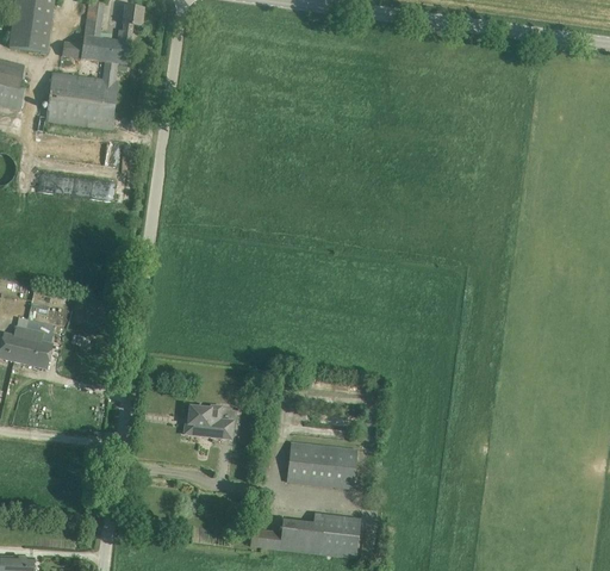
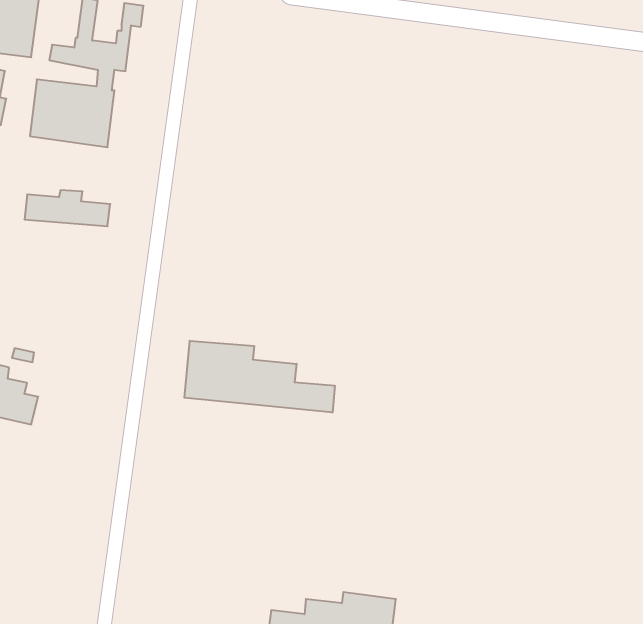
building: none -> [184,341,335,413]
building: [183,404,232,437] -> none
building: [287,441,359,489] -> none

